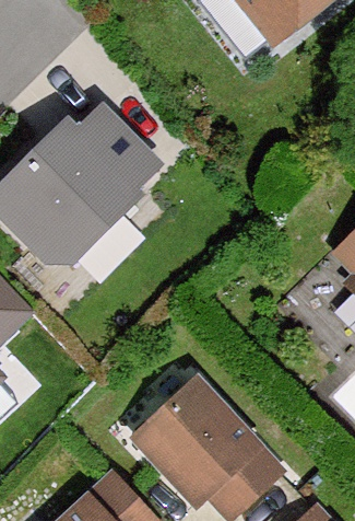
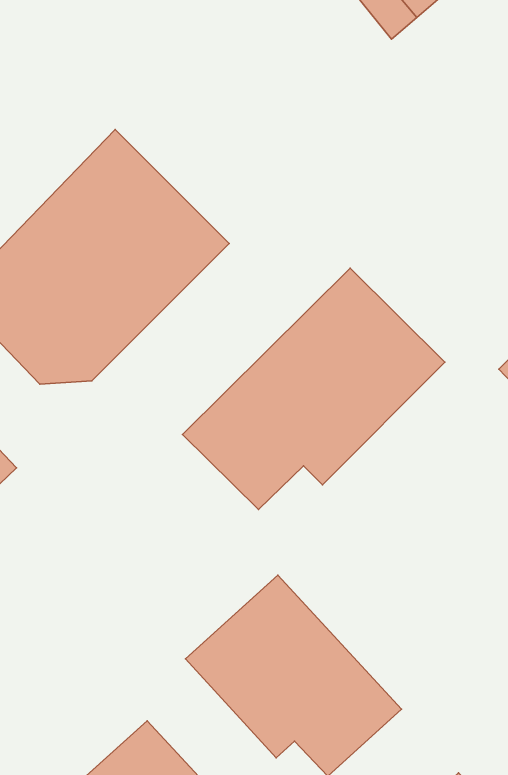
building: none -> [183,268,445,510]

